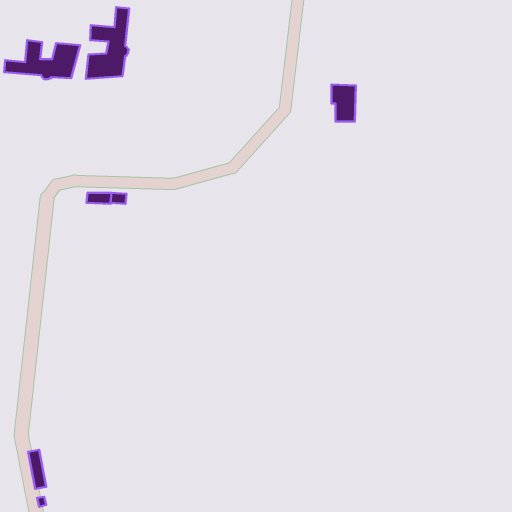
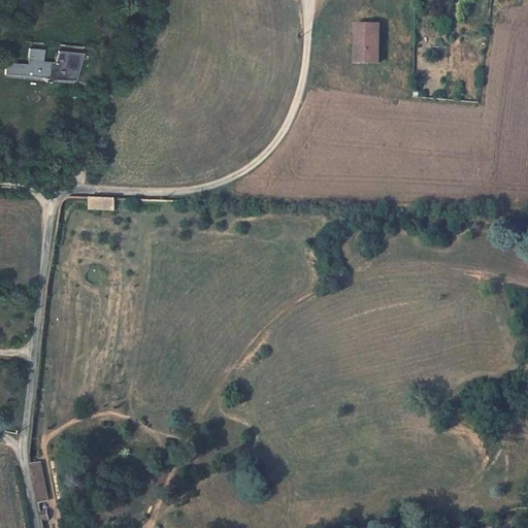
building: [86,7,129,79] -> none
building: [332,84,356,121] -> [355,25,380,63]

